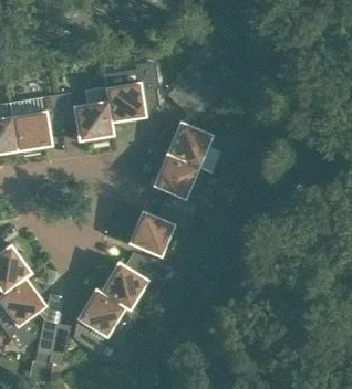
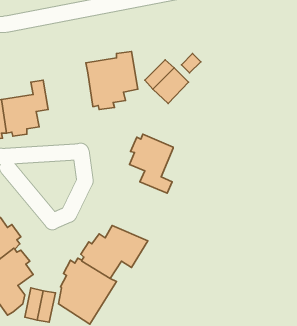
building: [58,86,114,144] -> none
building: [164,119,226,172] -> none
building: [126,204,193,256] -> none

